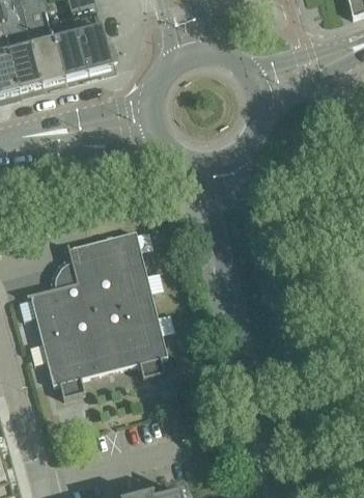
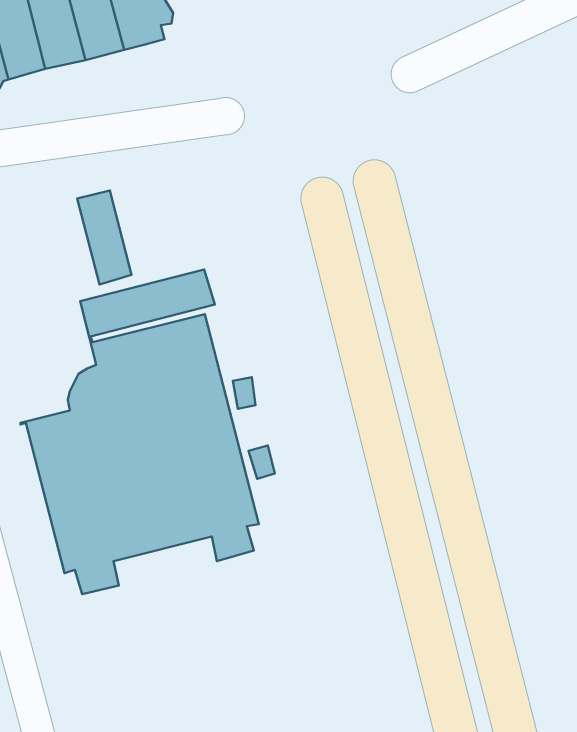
building: none -> [77,190,131,284]
building: none -> [80,270,215,337]

